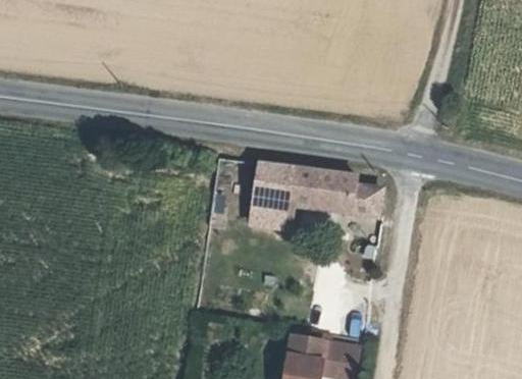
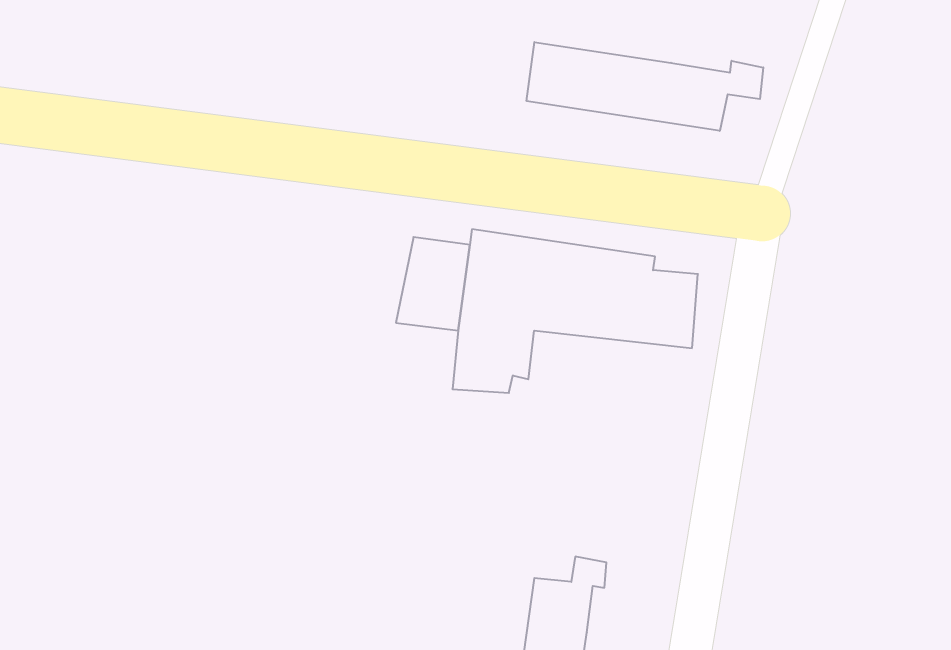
building: none -> [527,42,763,131]
building: [318,344,354,373] -> none

